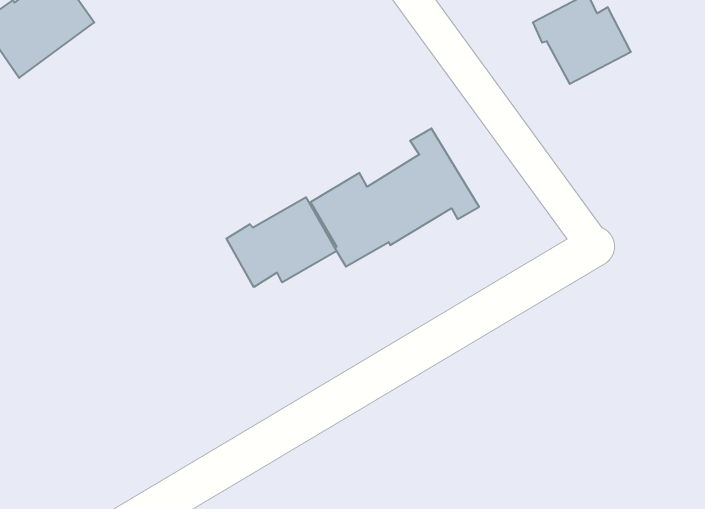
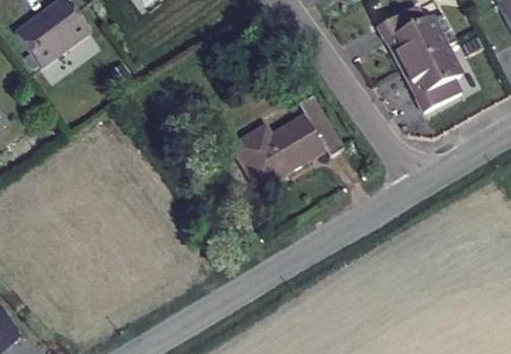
building: none -> [404,47,461,114]
building: [226,197,337,287] -> none

